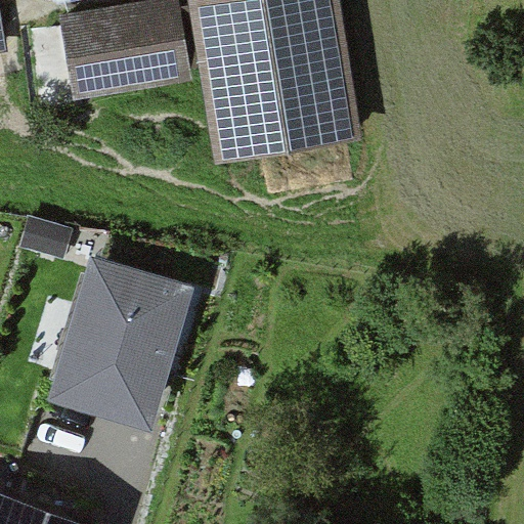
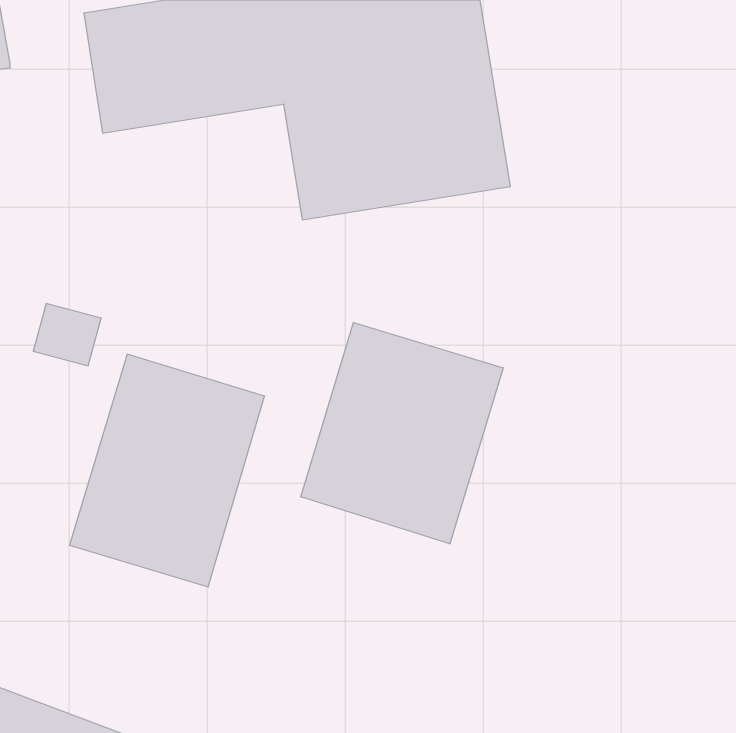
building: none -> [301,322,503,544]

